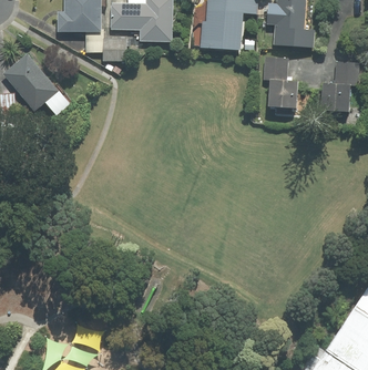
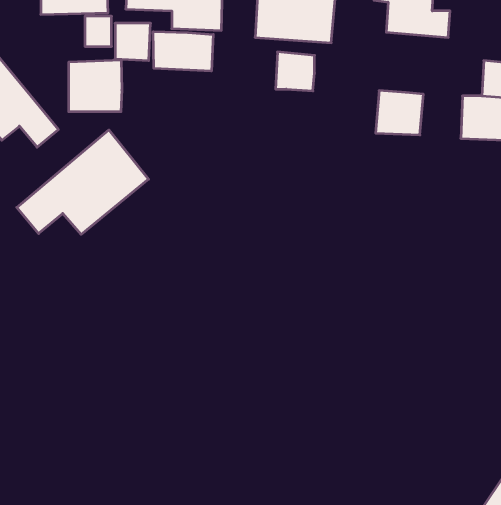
building: none -> [153,32,213,71]
building: [263,56,287,81] -> [276,52,315,91]
building: none -> [69,60,122,112]
building: none -> [17,130,149,234]

